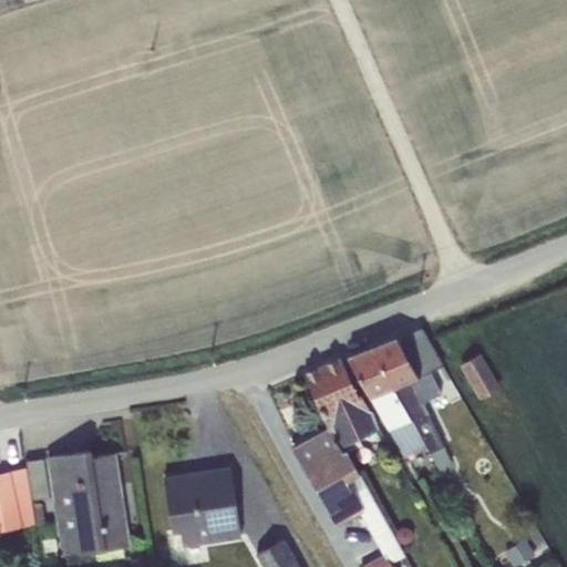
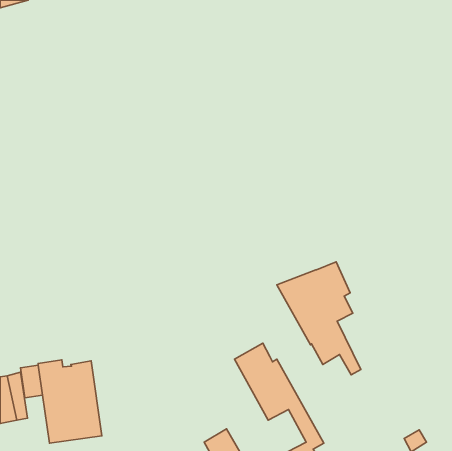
building: [457,353,499,400] -> none
building: [303,359,380,447] -> none
building: [163,468,241,547] -> none

